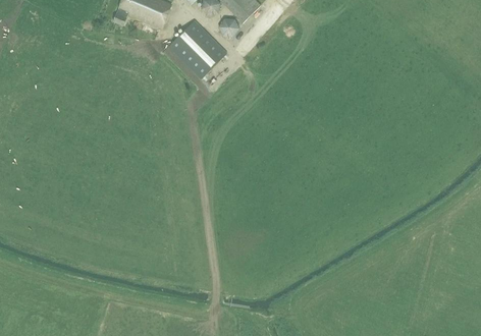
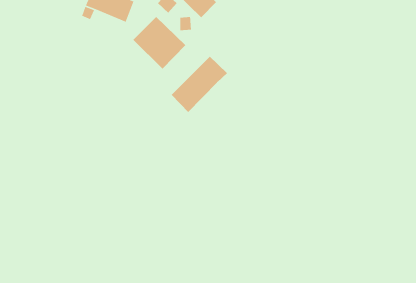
building: none -> [171,56,228,113]

